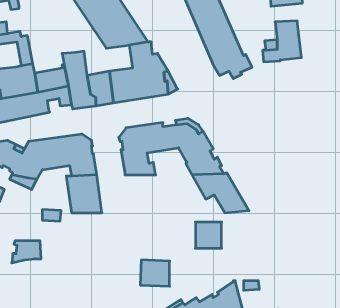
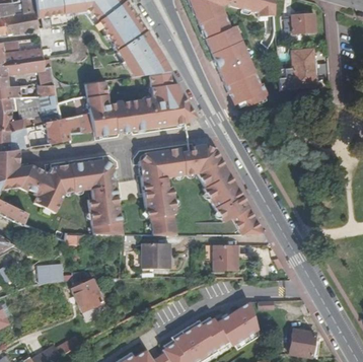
building: none -> [144,199,175,236]
building: none -> [71,279,101,311]
building: [140,260,170,286] -> [141,242,169,268]

